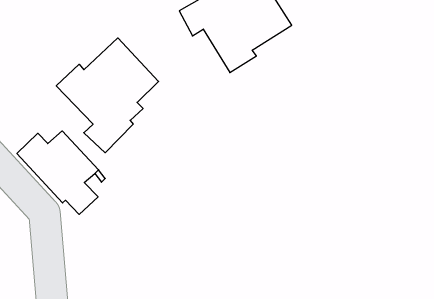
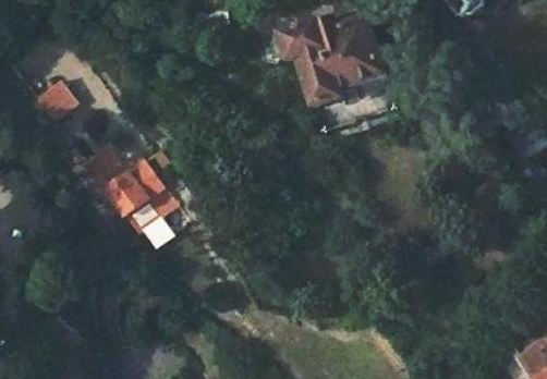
building: [56,38,159,153] -> none

